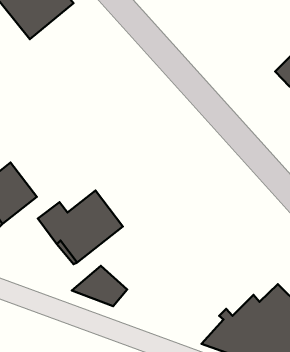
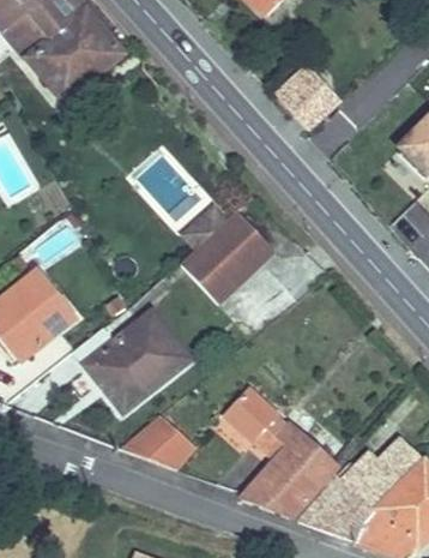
building: none -> [279,66,338,127]
building: none -> [181,211,274,304]
building: none -> [224,388,338,518]

